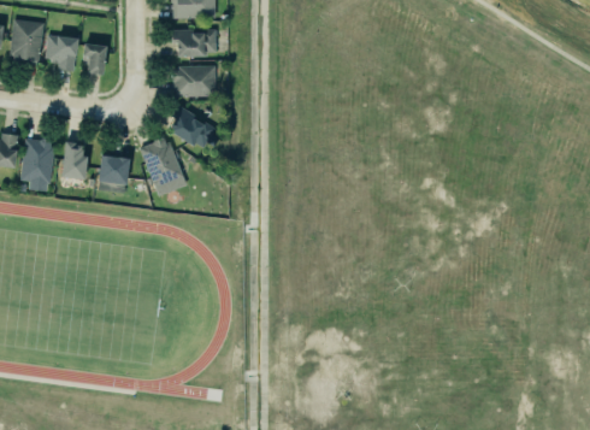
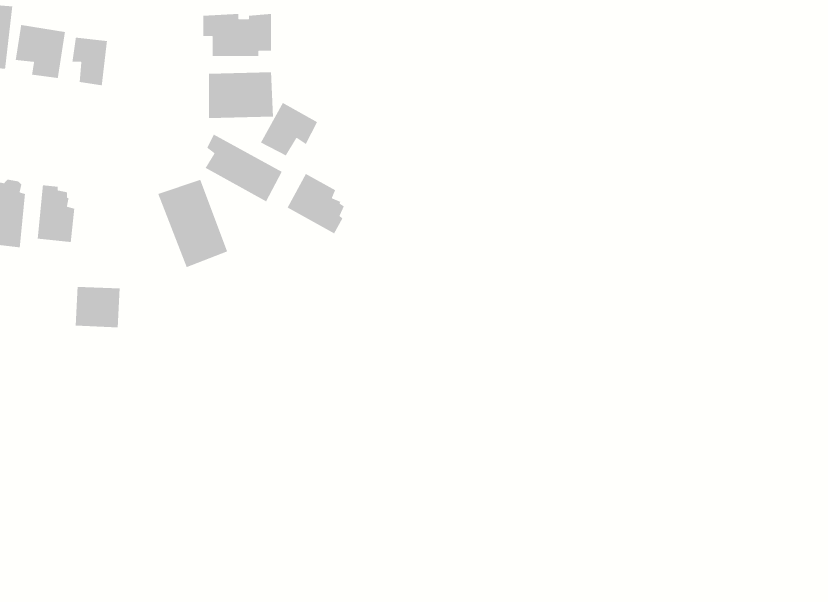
building: none -> [260,102,318,156]
building: none -> [286,173,345,235]
building: [100,155,130,183] -> [75,286,120,328]

